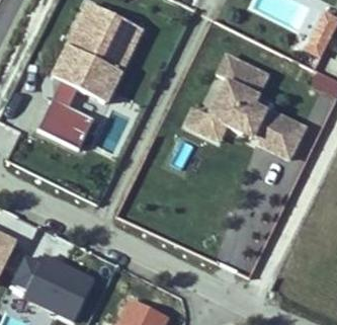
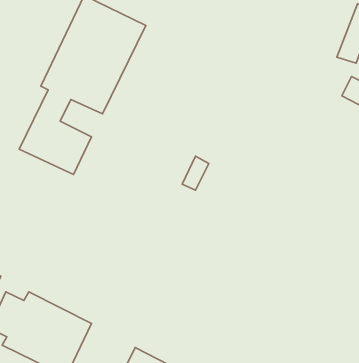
building: [183,57,304,162] -> none

